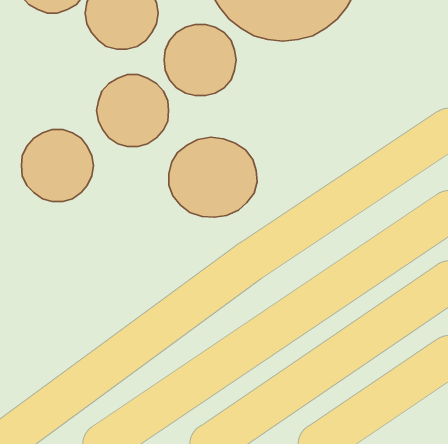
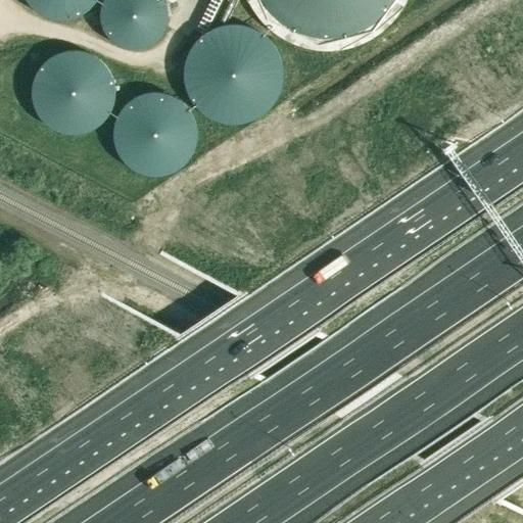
building: [21,129,93,201] -> [31,46,114,130]
building: [169,137,257,217] -> none

